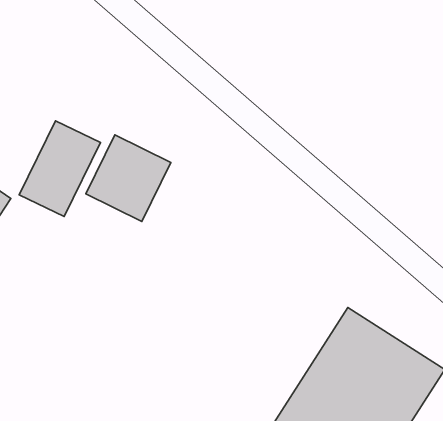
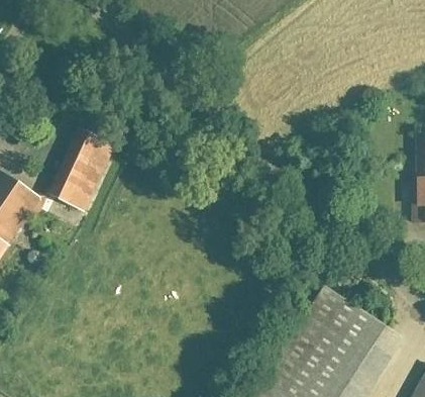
building: [86,135,171,222] -> none

